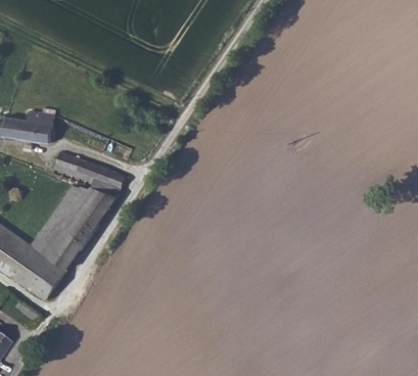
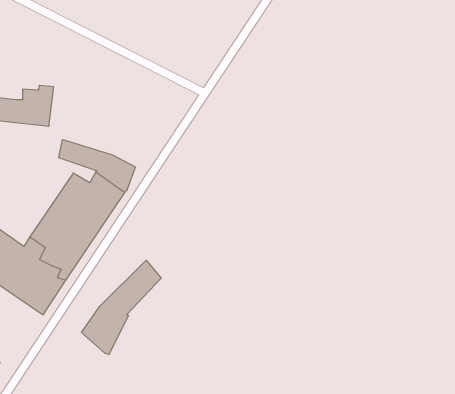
building: none -> [82,260,161,355]

